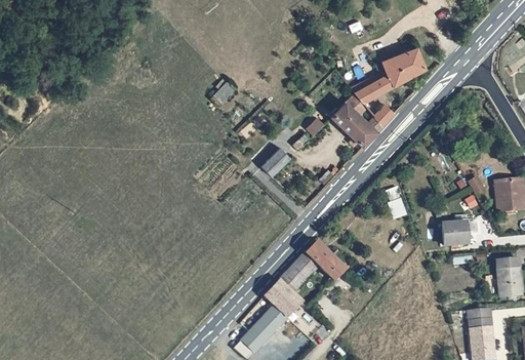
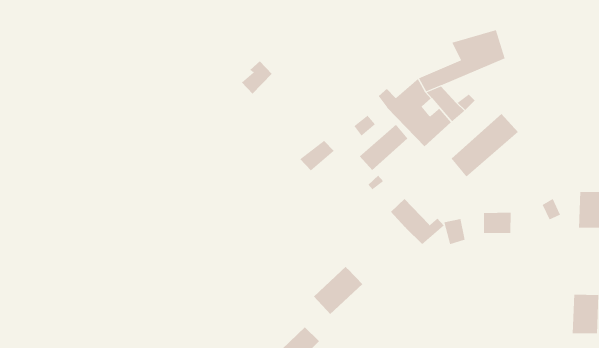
building: none -> [451,113,519,178]
building: none -> [359,124,408,171]
building: [442,221,467,240] -> [483,212,512,234]
building: [308,241,354,279] -> [390,198,444,245]
building: [265,279,304,316] -> none

